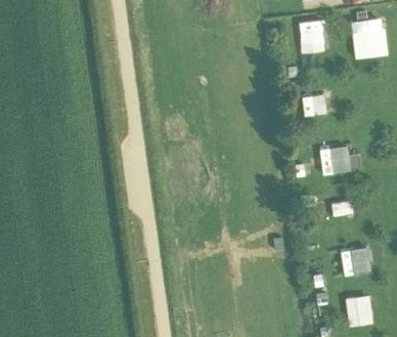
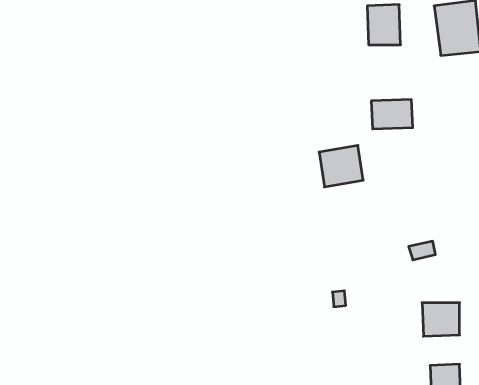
building: [319,144,353,176] -> [319,145,363,187]

